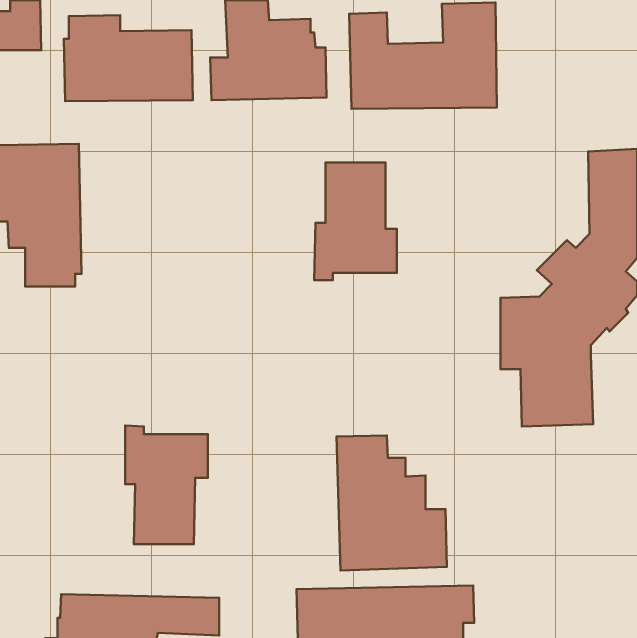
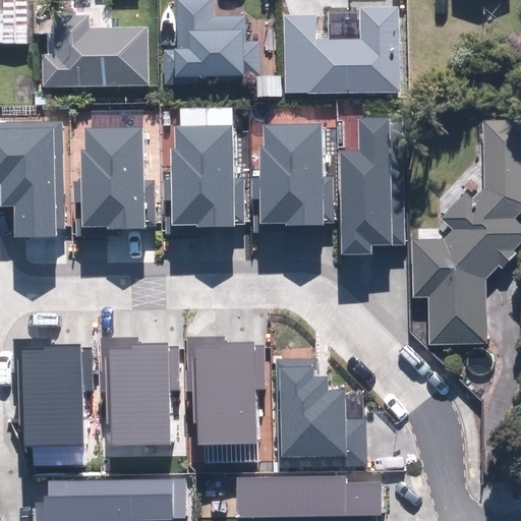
building: none -> [342,113,406,250]
building: none -> [85,123,157,226]
building: none -> [167,132,234,229]
building: none -> [18,347,85,444]
building: none -> [191,350,257,453]

